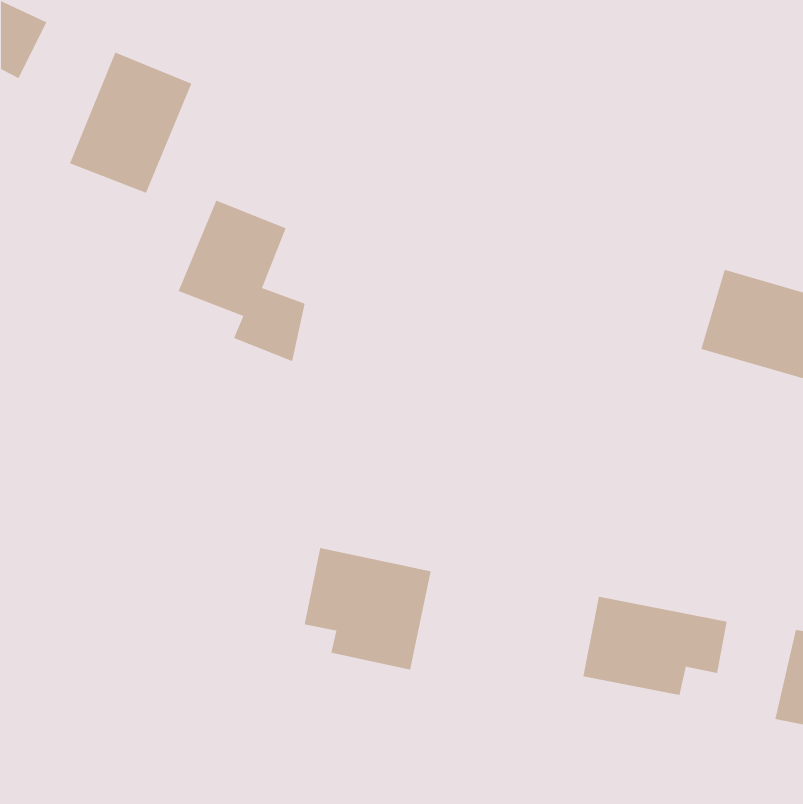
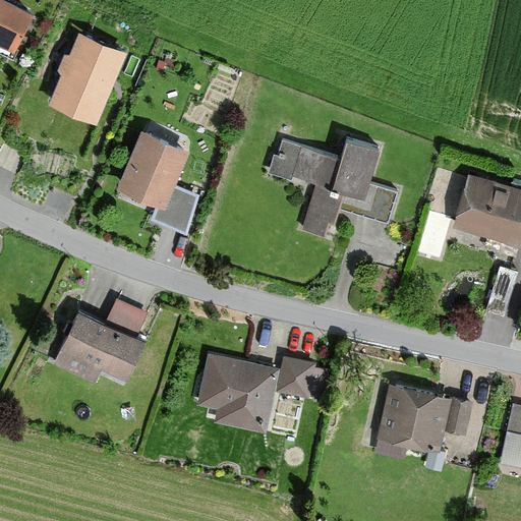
building: none -> [271,138,398,237]
building: none -> [54,302,146,385]
building: none -> [280,358,311,397]

